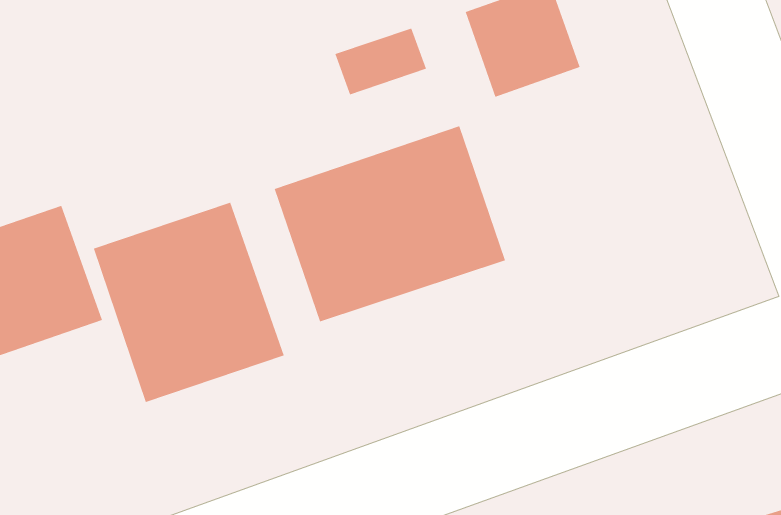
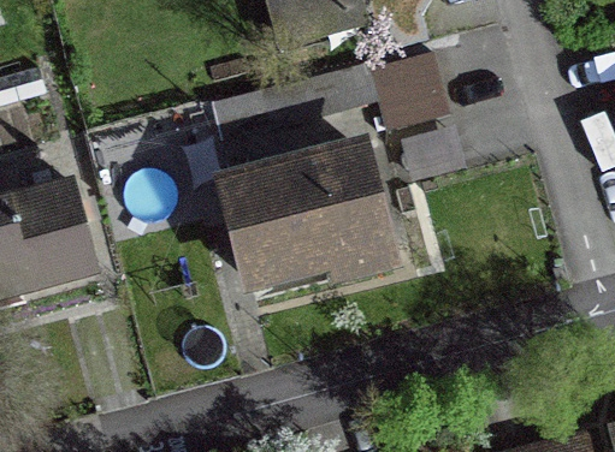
building: [93,202,284,403] -> none

